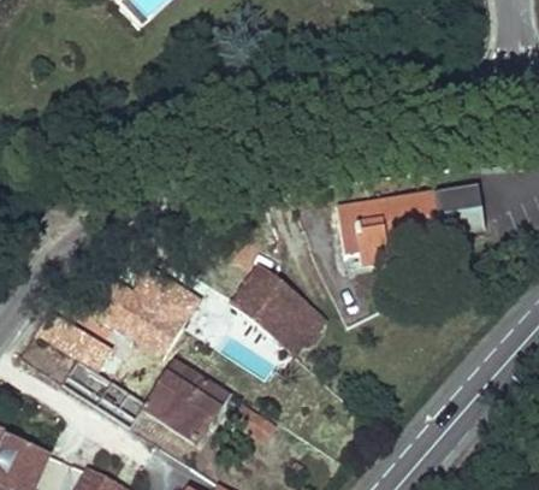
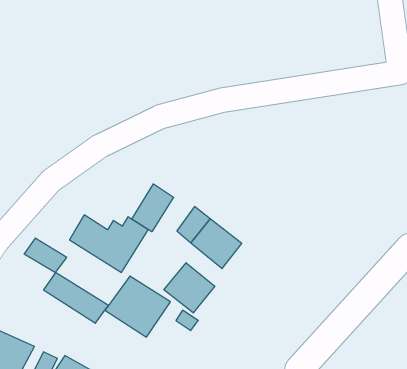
building: [339,188,485,264] -> none
building: none -> [132,184,174,232]
building: none -> [164,263,215,313]

